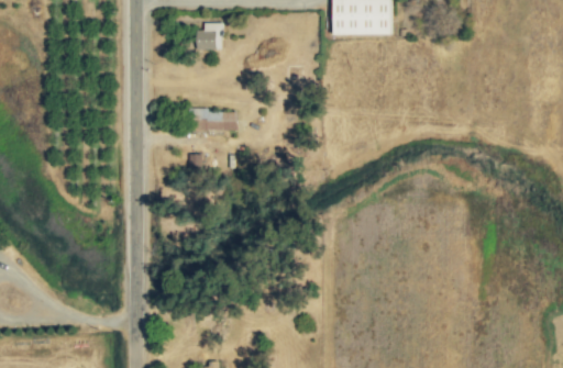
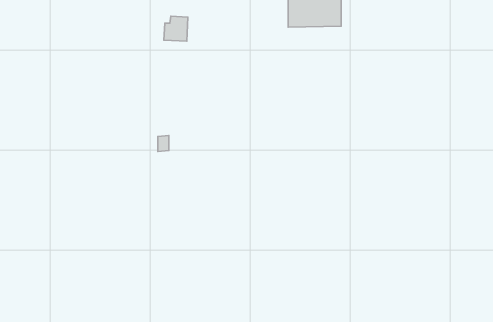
building: [189,110,236,131] -> none

